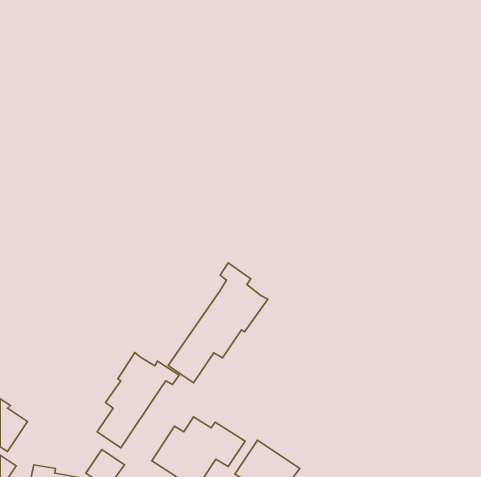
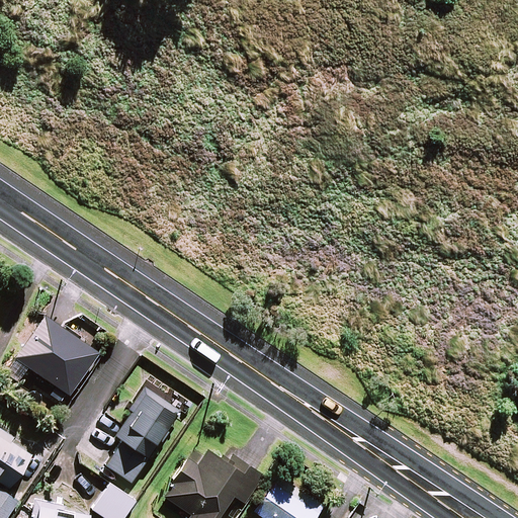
building: [168,263,268,383] -> none
building: none -> [15,319,98,398]

